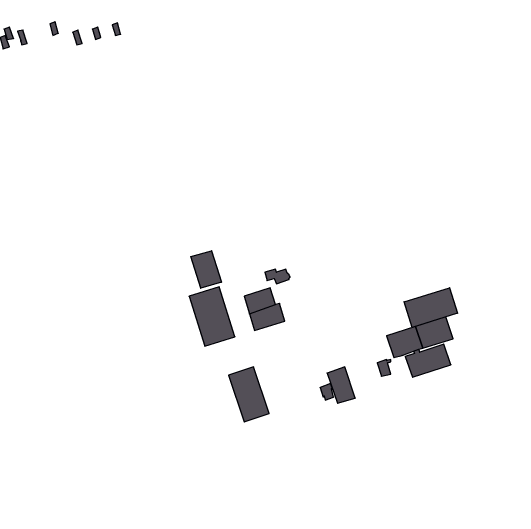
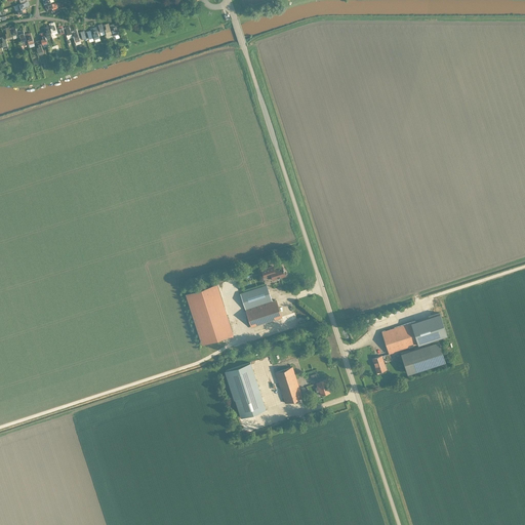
building: [191,251,221,288] -> none
building: [404,288,458,327] -> none
building: [327,367,355,403] -> [275,368,302,404]

